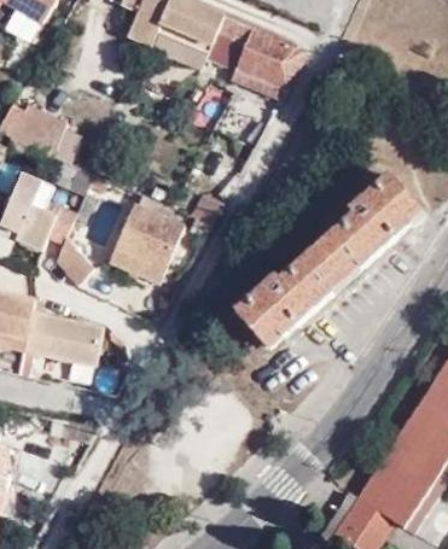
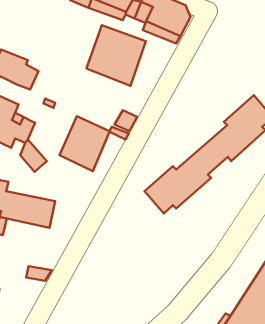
building: none -> [86,25,146,86]

